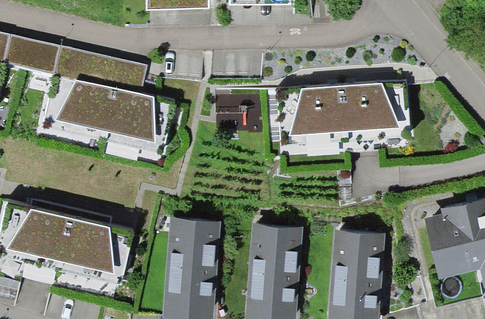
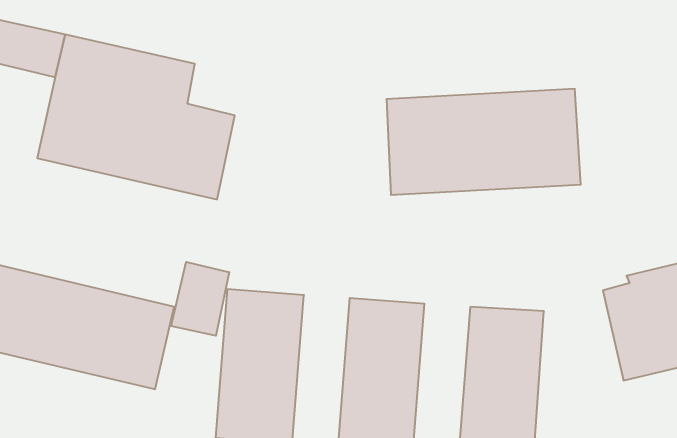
building: none -> [171,262,229,336]

